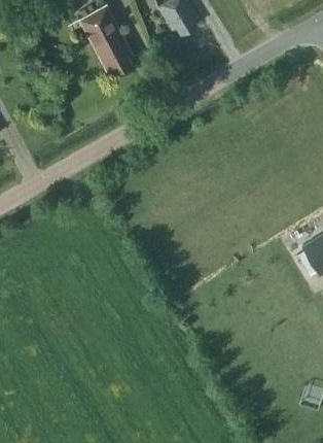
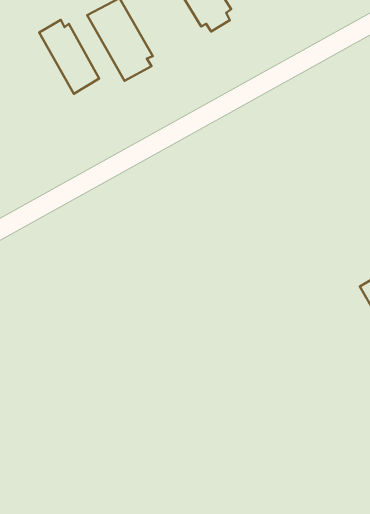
building: none -> [39,20,99,94]

